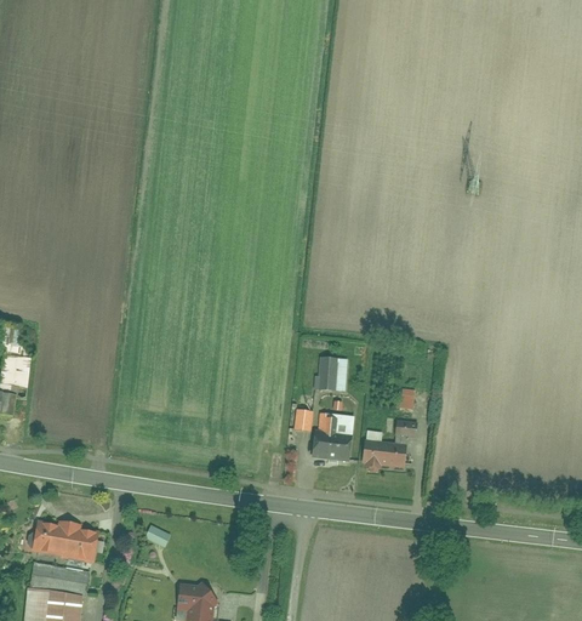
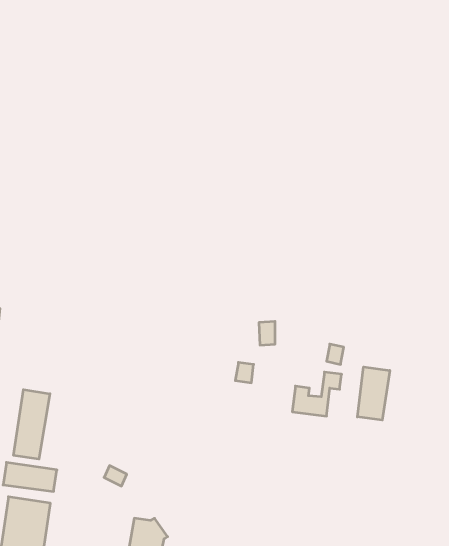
building: none -> [357,367,390,420]
building: [309,416,349,462] -> none
building: none -> [14,390,50,459]

